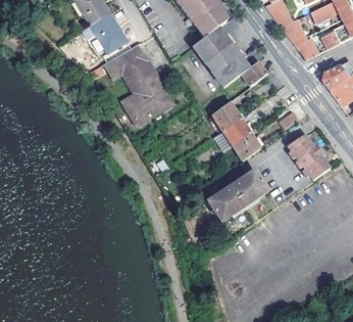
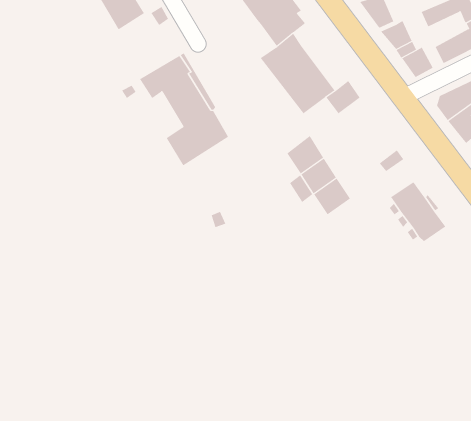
building: [90,12,127,52] -> none
building: [208,170,267,221] -> none

